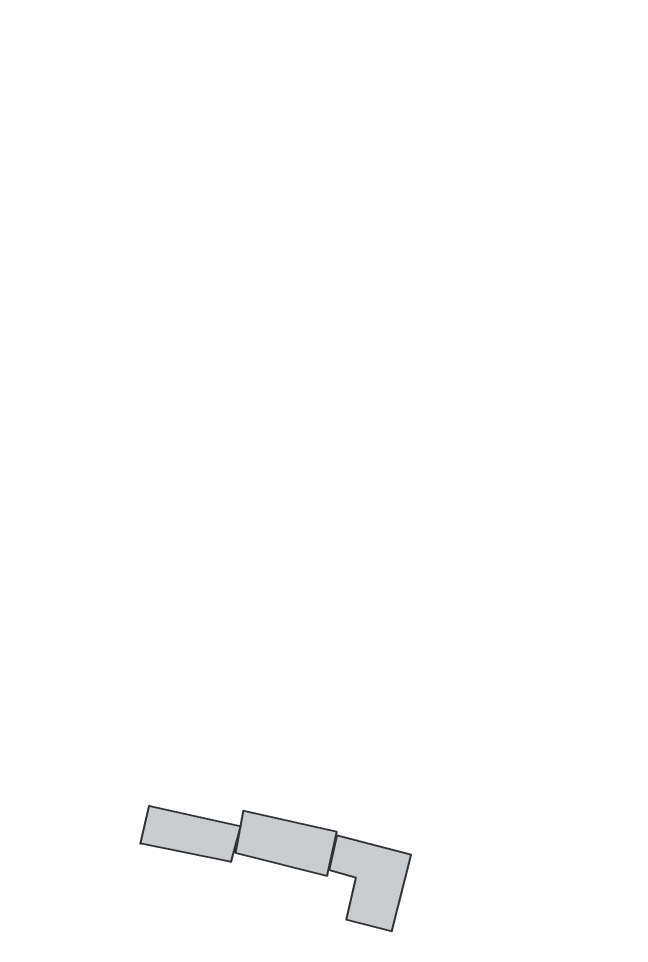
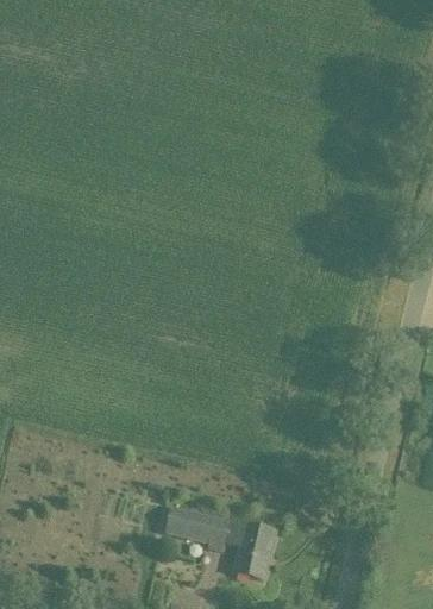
building: [140,806,240,862] -> none

